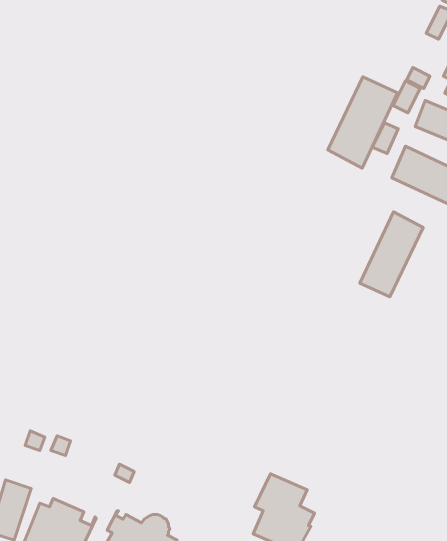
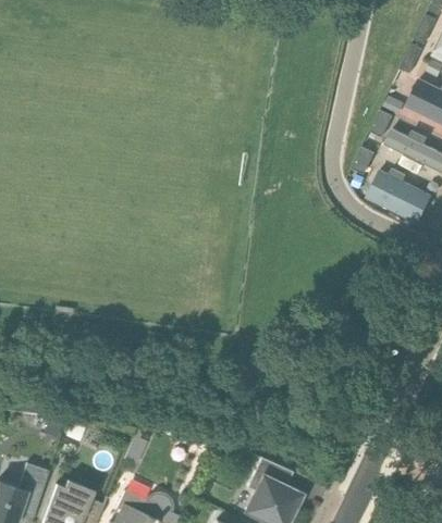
building: [328,77,398,168] -> none
building: [360,212,423,297] -> none

